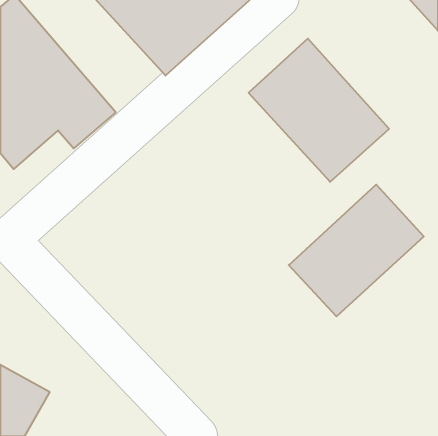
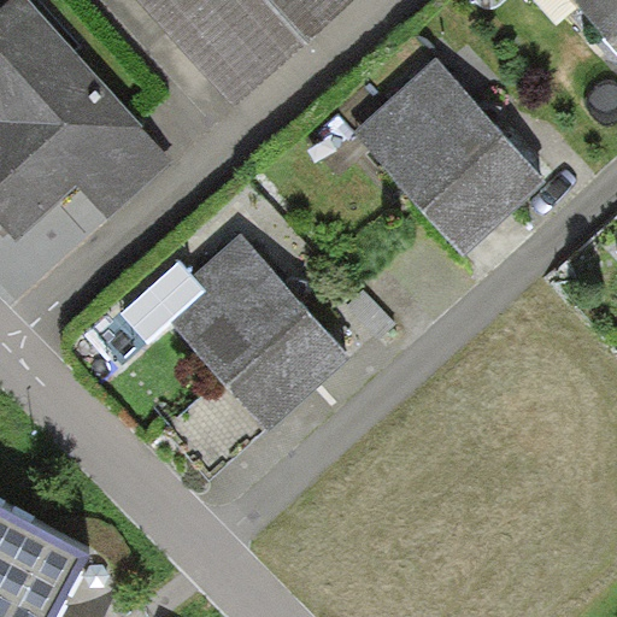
building: none -> [175,224,355,431]
building: [289,185,424,316] -> none

